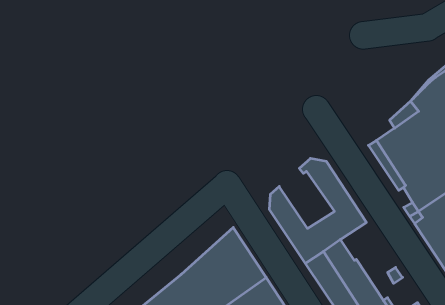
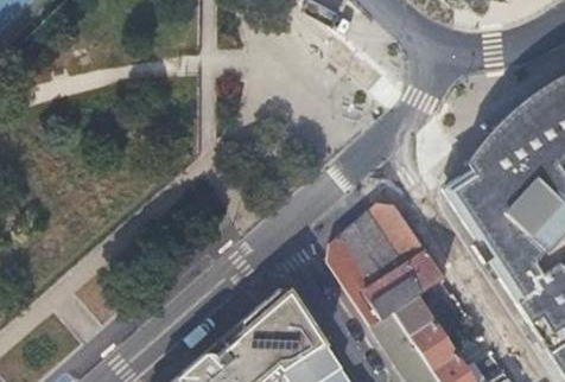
building: none -> [341,214,406,285]

